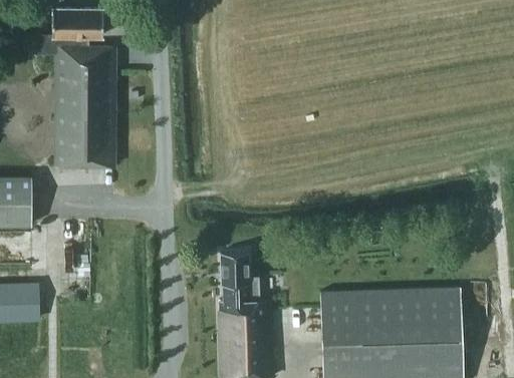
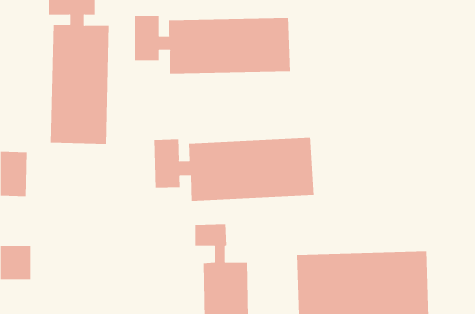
building: none -> [135,15,290,75]
building: none -> [154,137,314,202]

